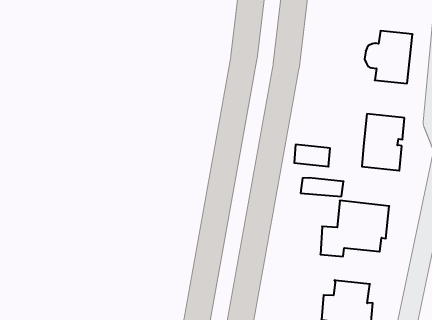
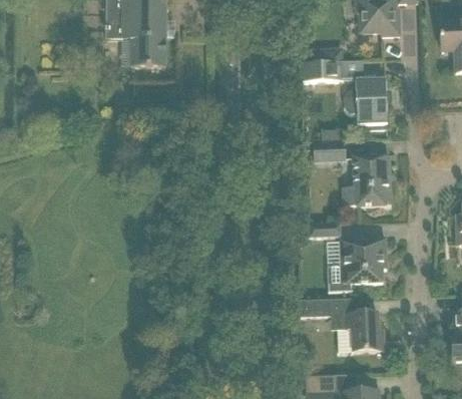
building: none -> [301,59,341,80]
building: [294,145,330,167] -> [313,140,346,158]
building: none -> [297,297,346,316]

